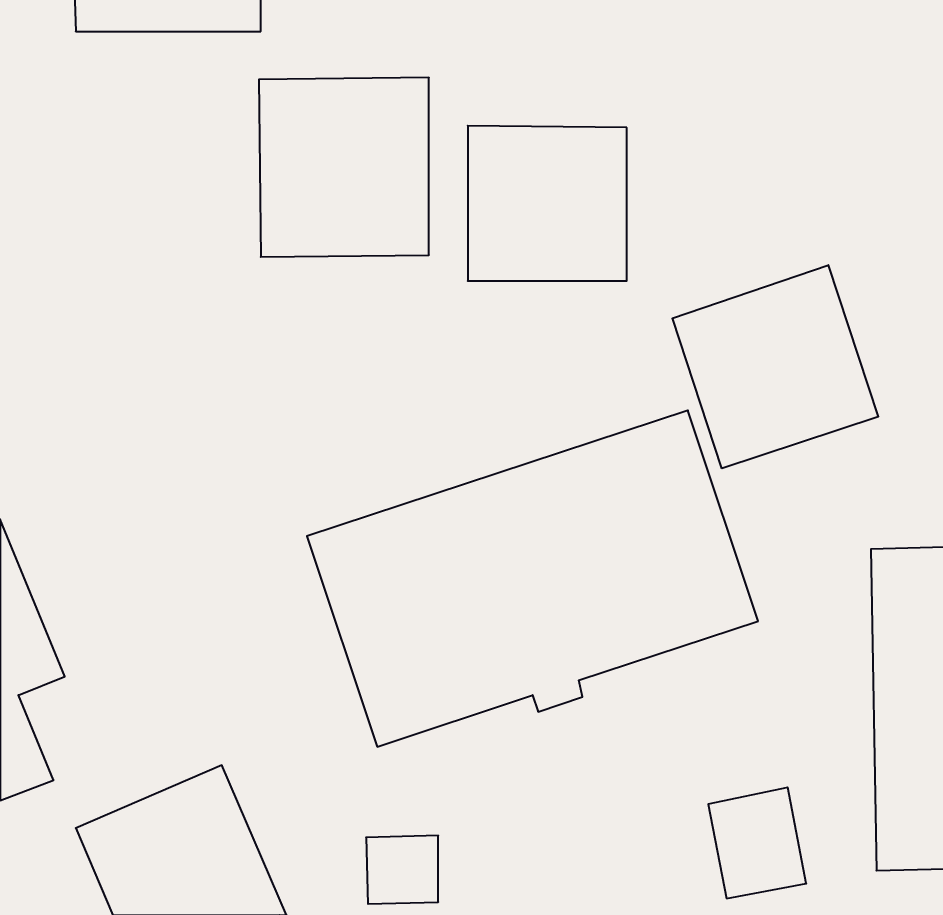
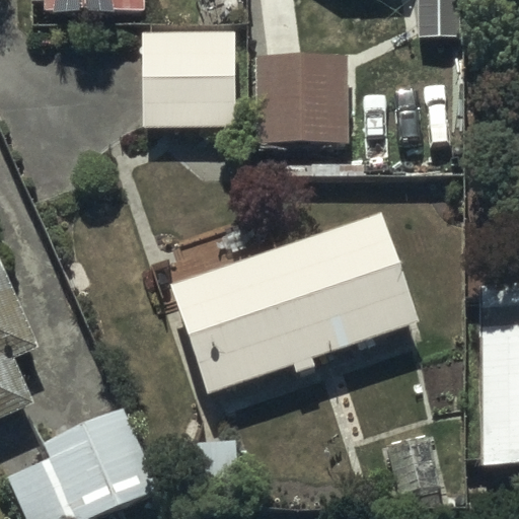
building: [672,265,878,468] -> none

